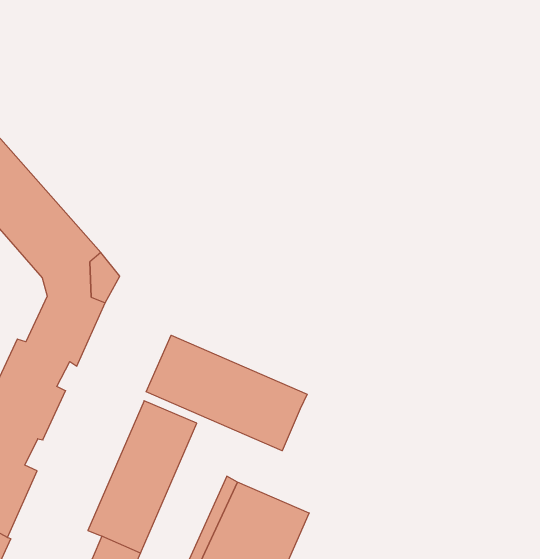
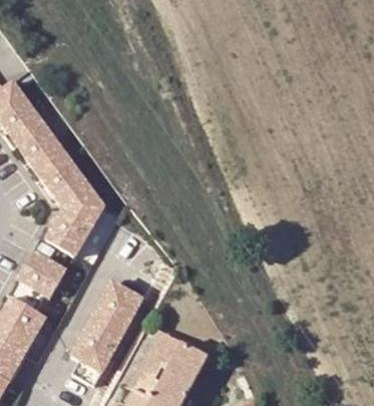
building: [146,335,307,451] -> none

